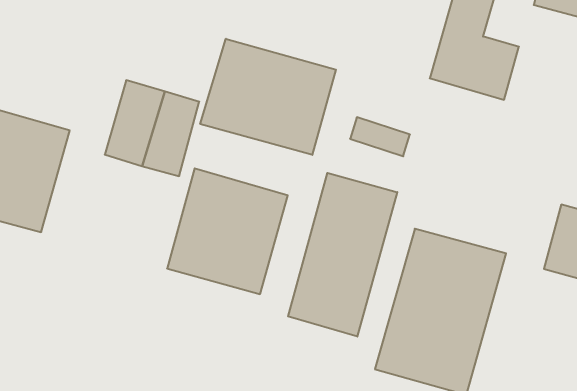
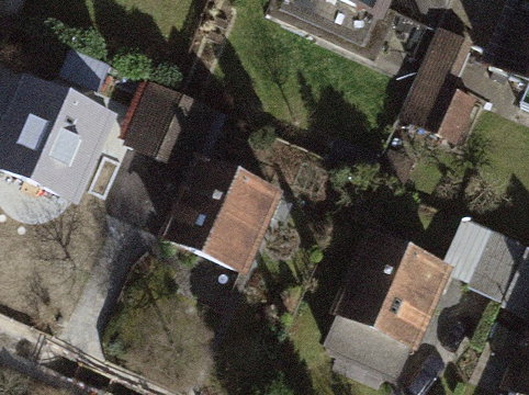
building: [200,39,336,155] -> none
building: [288,173,397,337] -> none

